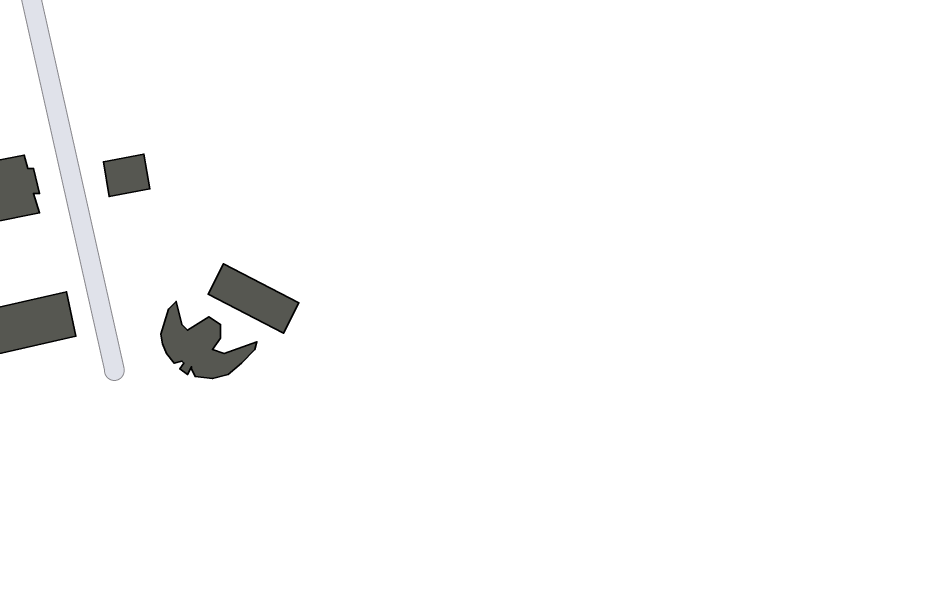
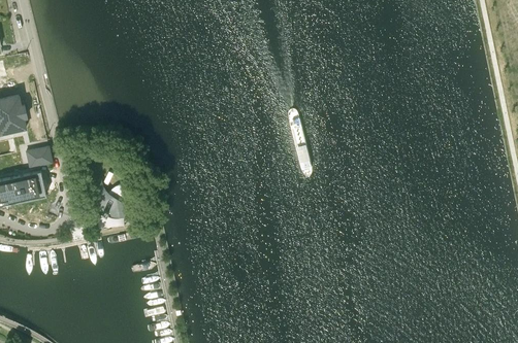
building: [104,154,150,197] -> [26,145,51,168]
building: [208,264,299,333] -> none

